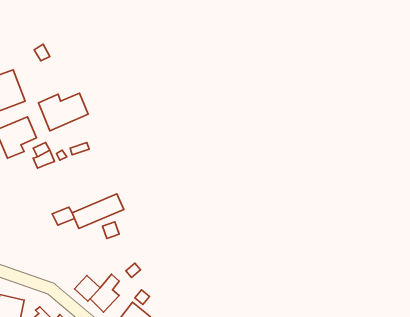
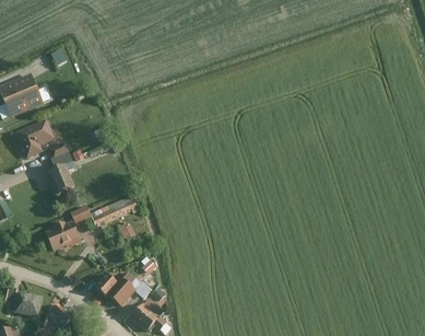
building: [39,93,88,131] -> none
building: none -> [45,165,72,196]
building: none -> [43,221,79,253]

